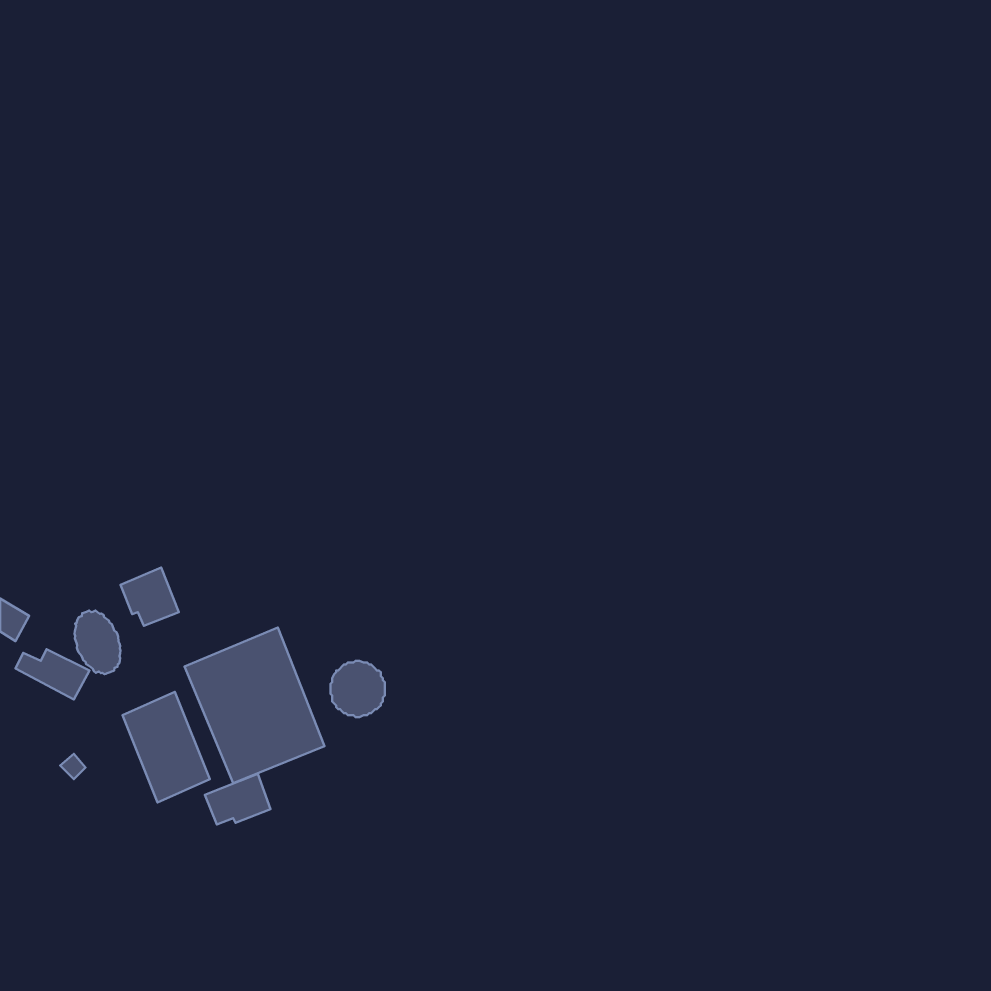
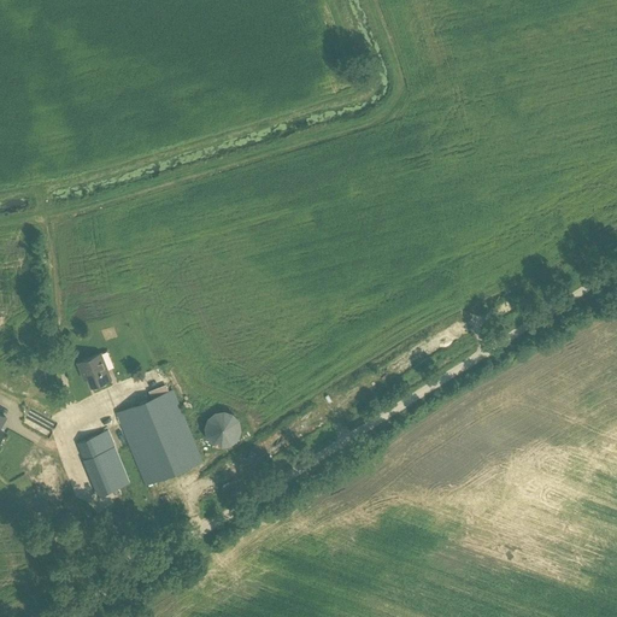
building: [74,611,121,674] -> none
building: [205,774,270,824] -> none

